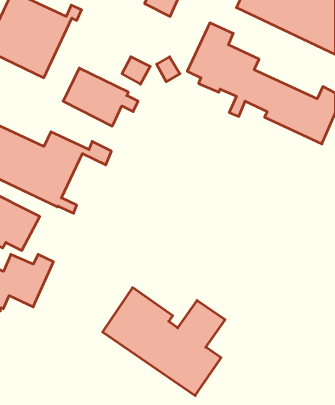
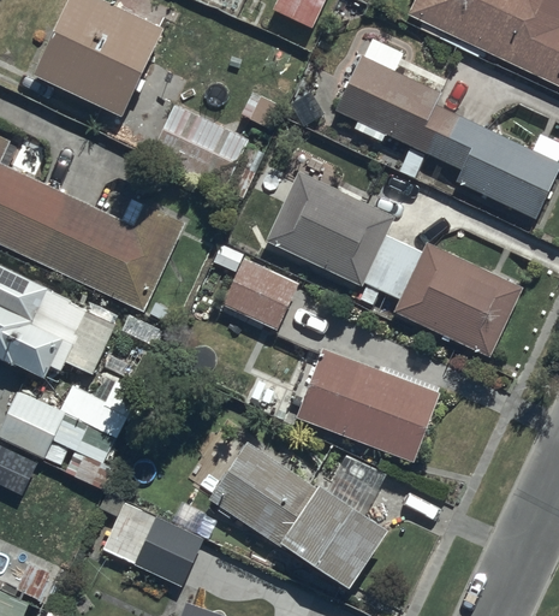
building: none -> [258,158,531,356]
building: none -> [221,257,297,328]
building: none -> [296,349,441,462]
building: none -> [97,488,213,586]

